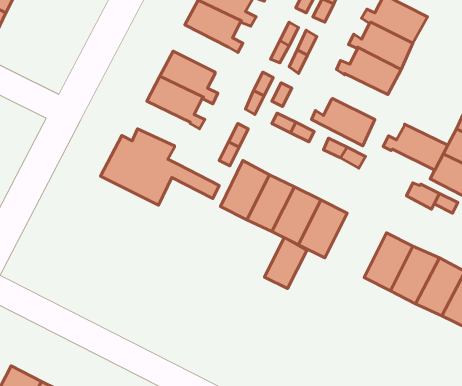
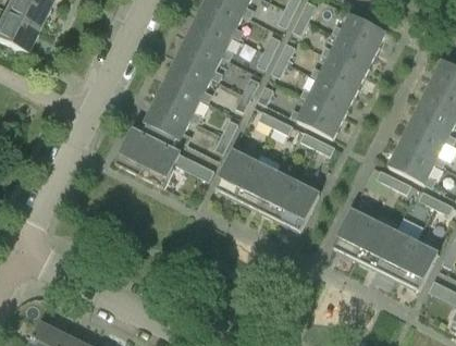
building: none -> [176,37,223,81]
building: none -> [145,100,192,144]
building: [383,124,448,170] -> [300,77,354,115]
building: [264,238,307,288] -> none

